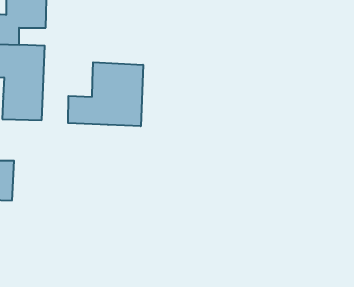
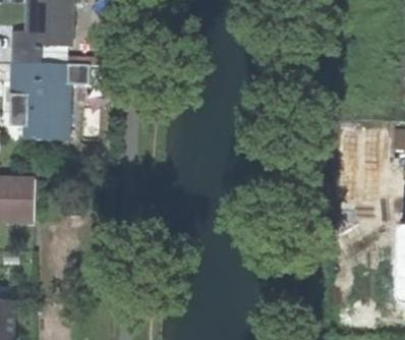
building: [68,62,143,126] -> none

